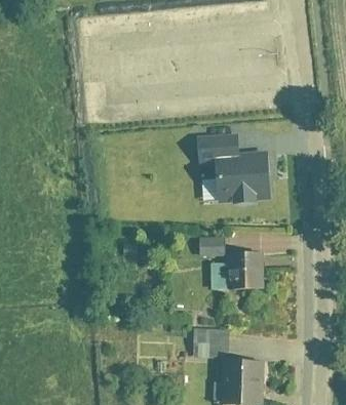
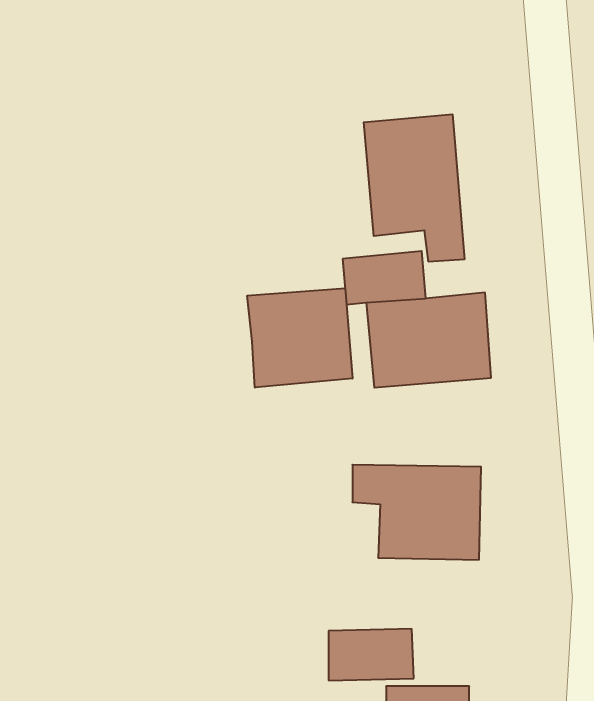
building: none -> [364,114,464,262]
building: none -> [247,288,352,388]

